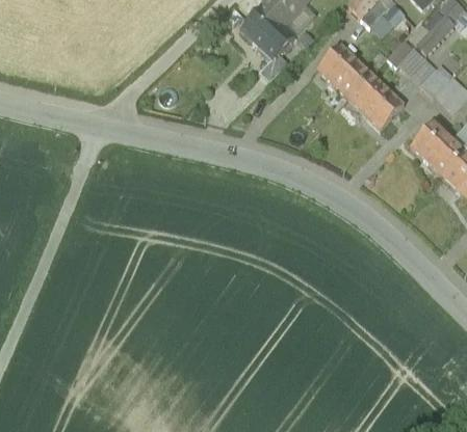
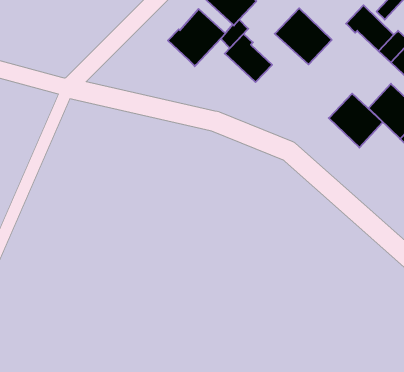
building: none -> [168,9,225,66]
building: none -> [225,34,272,82]
building: [348,74,404,129] -> [329,94,383,148]

